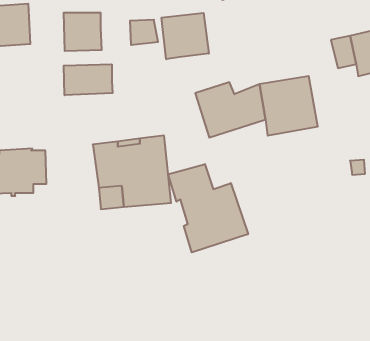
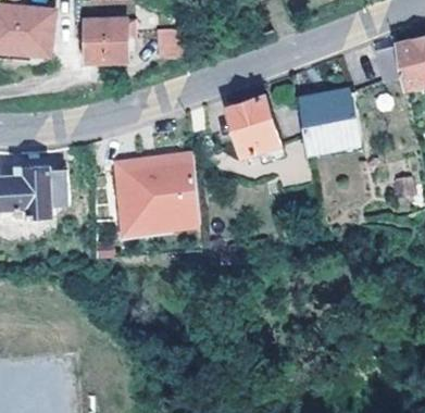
building: [162,13,209,59] -> none
building: [64,64,113,95] -> none
building: [168,164,248,252] -> none

